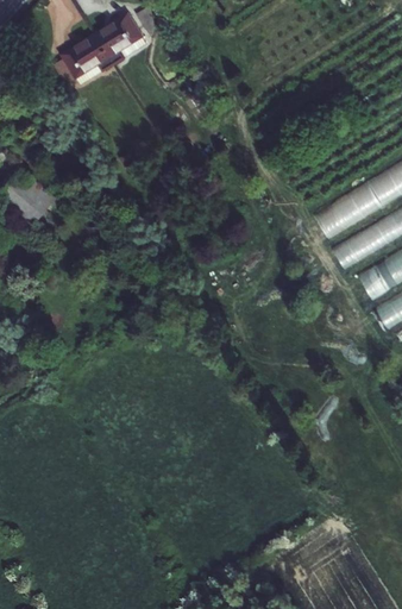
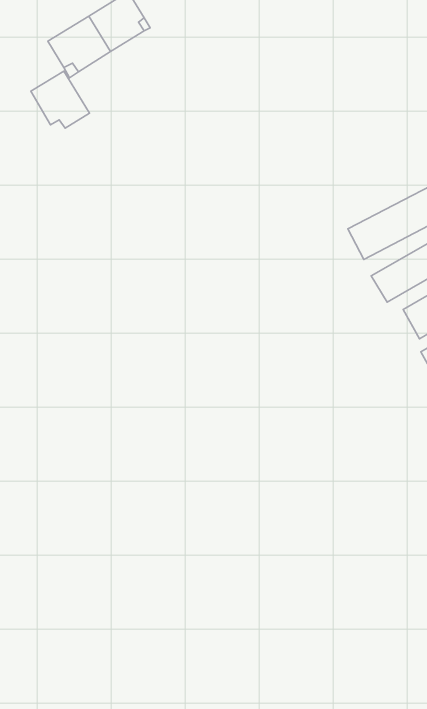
building: none -> [31,71,90,128]

